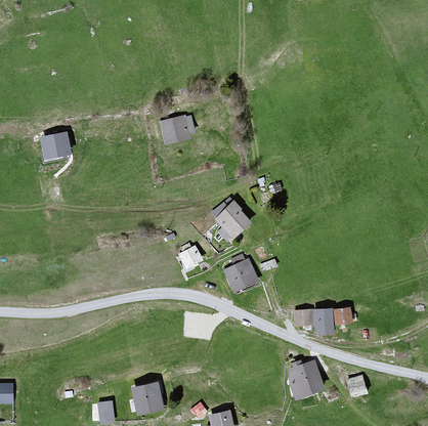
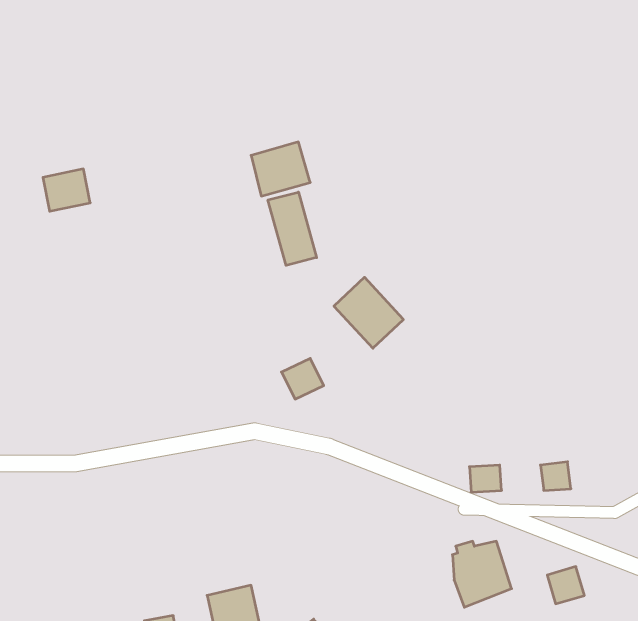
building: none -> [268,192,317,265]
building: [221,258,258,294] -> none
building: [316,308,335,334] -> none

